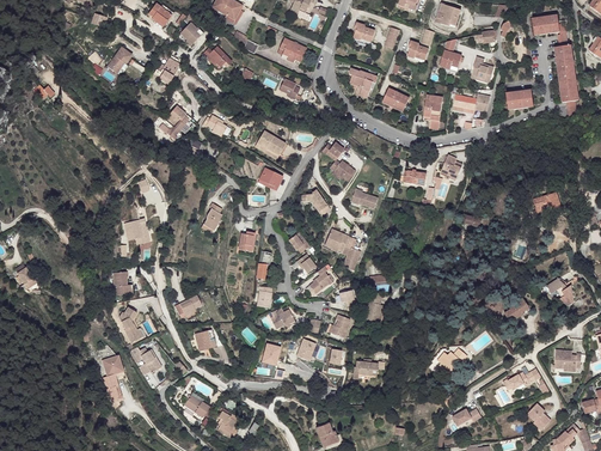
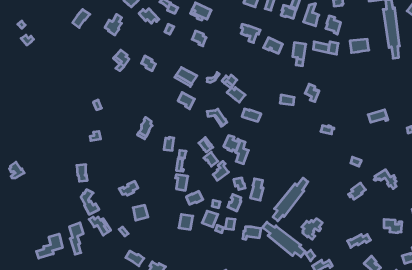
building: none -> [273,178,308,221]
building: none -> [263,222,305,257]
building: none -> [36,234,62,258]

